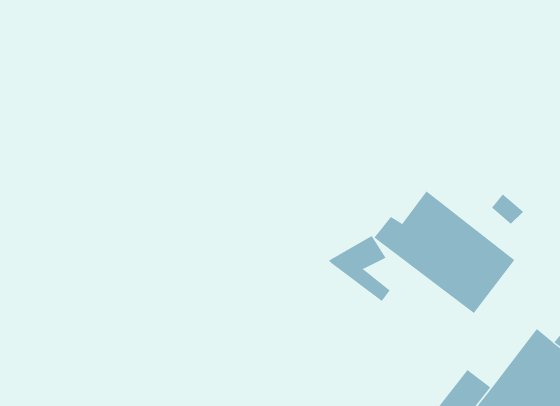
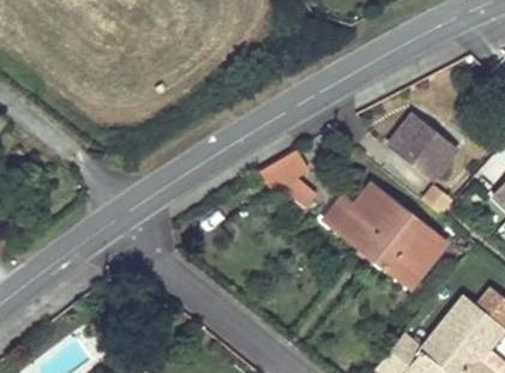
building: none -> [390,115,456,179]
building: [328,235,391,302] -> [258,148,311,204]

